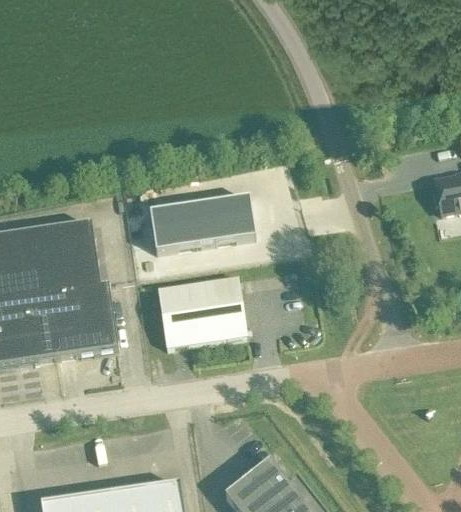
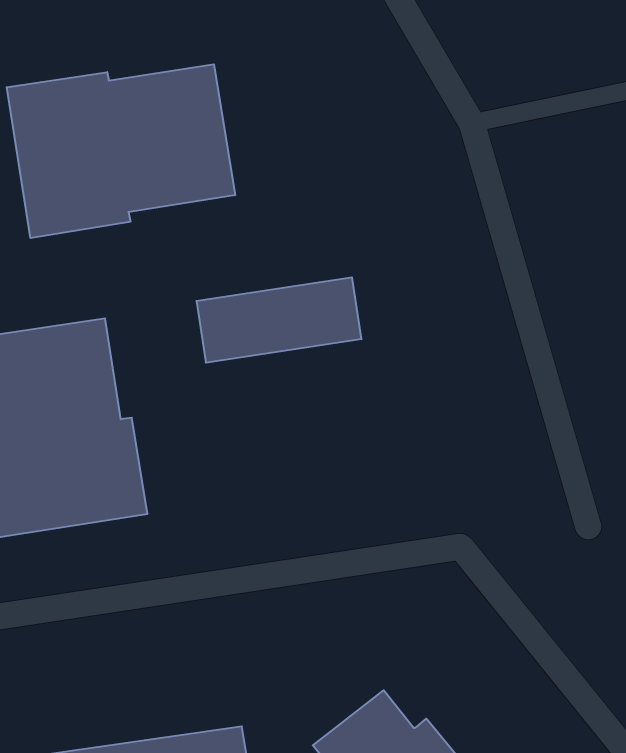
building: none -> [7,64,235,238]
building: [157,276,246,348] -> none

